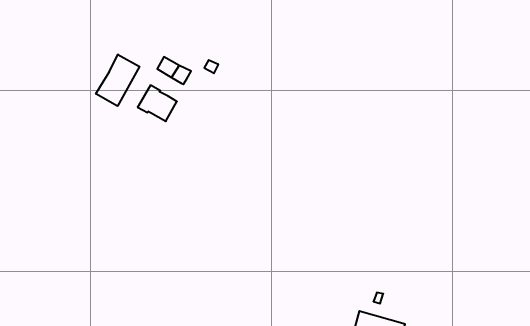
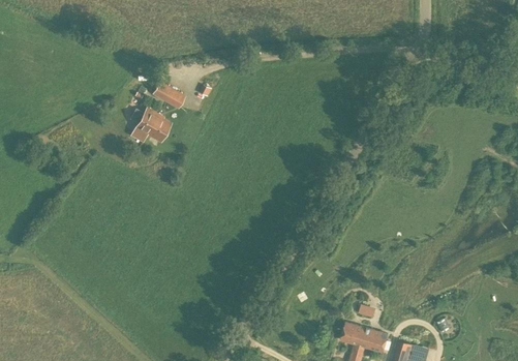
building: [96,54,139,106] -> none

